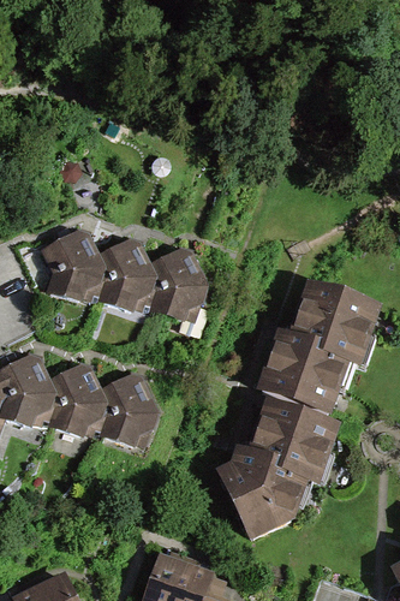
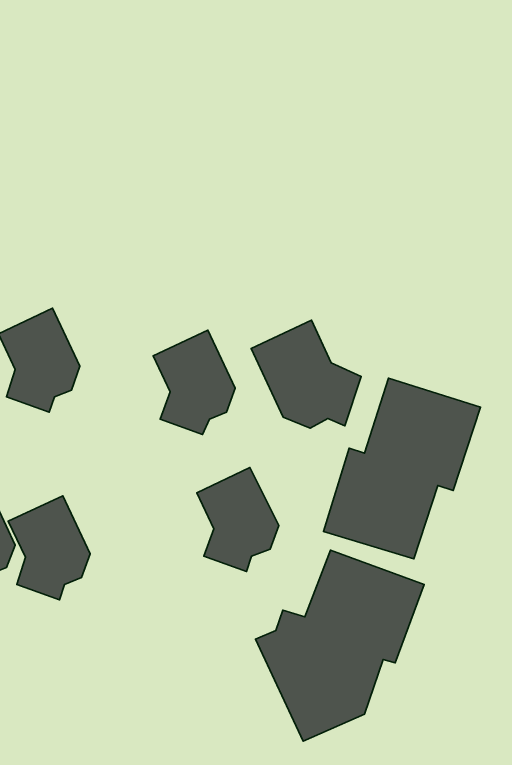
building: [94,239,151,313] -> none
building: none -> [251,320,361,428]
building: [98,373,156,446] -> [197,467,279,571]

